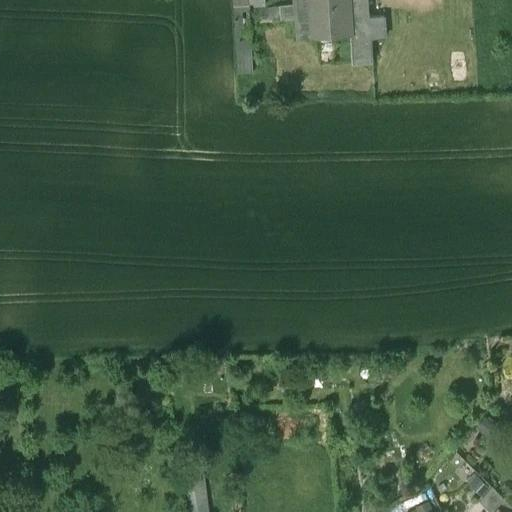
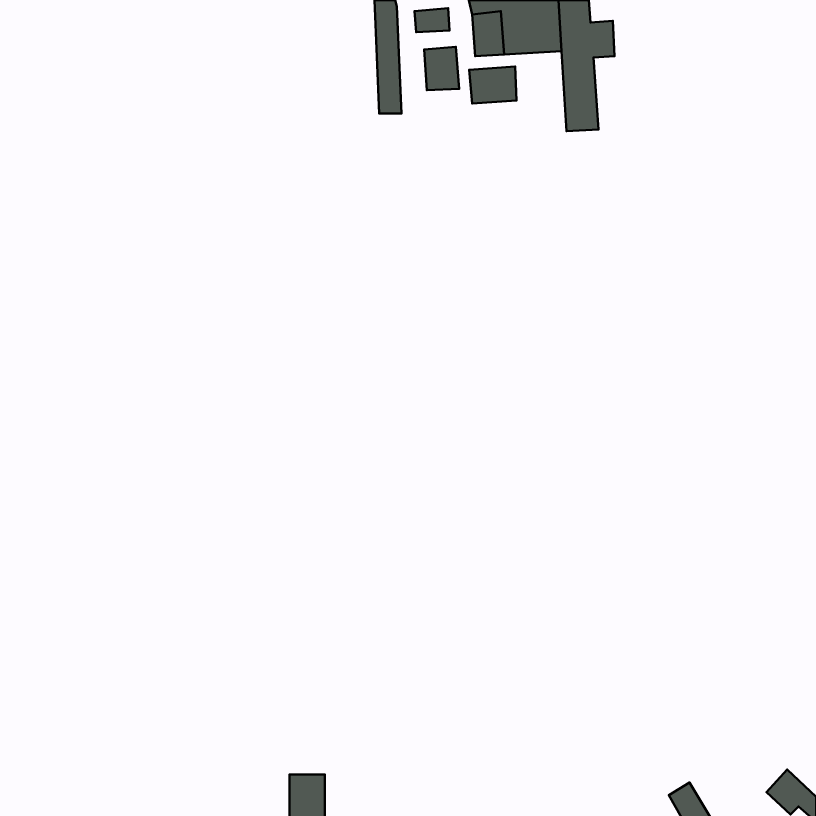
building: none -> [424,47,459,90]
building: none -> [469,67,516,104]

